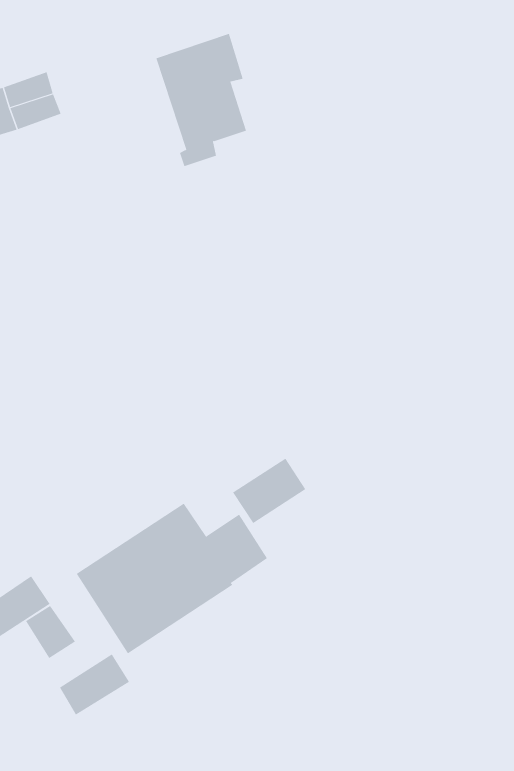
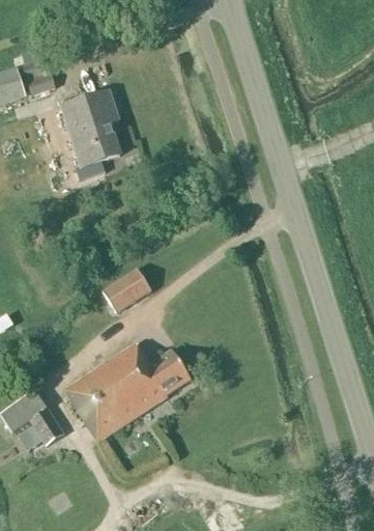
building: [155,33,247,167] -> [60,90,120,178]
building: [232,458,306,524] -> [103,269,151,312]
building: [59,653,130,715] -> none

